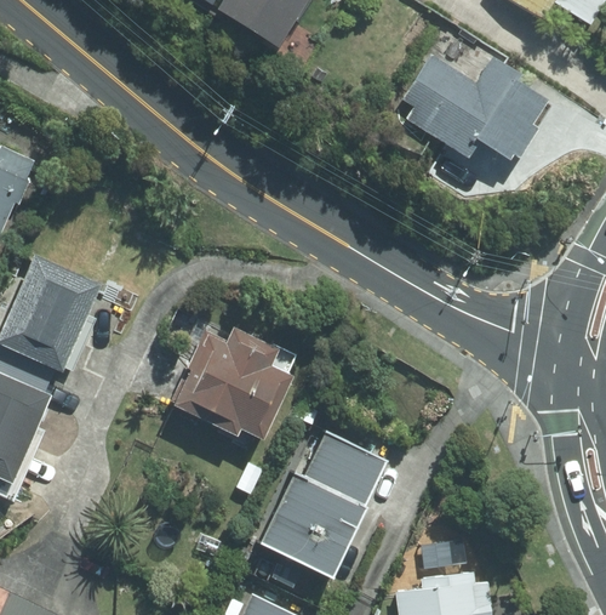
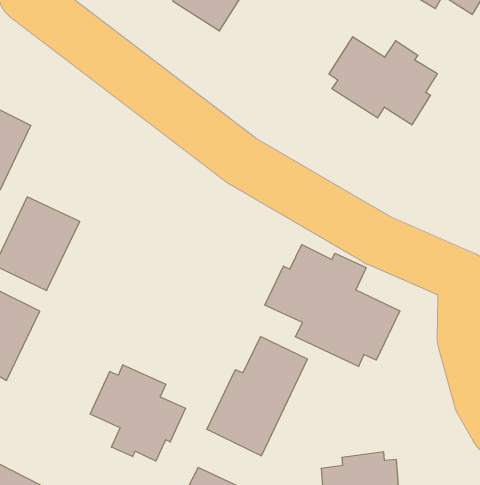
building: none -> [265,245,400,367]
building: [168,325,301,437] -> none
building: none -> [90,365,186,461]

